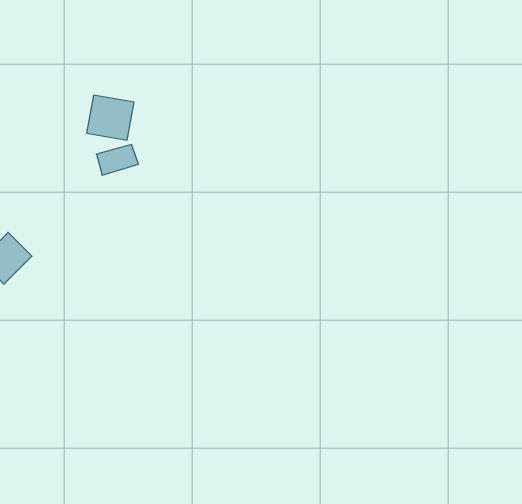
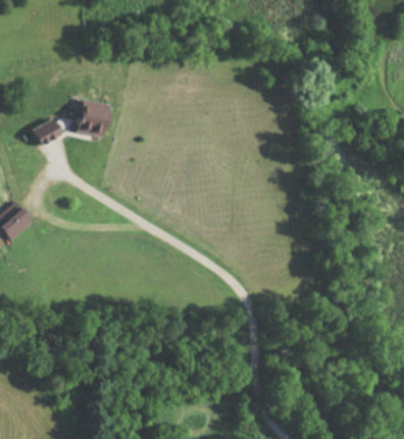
building: [96,144,138,175] -> [31,118,61,141]

